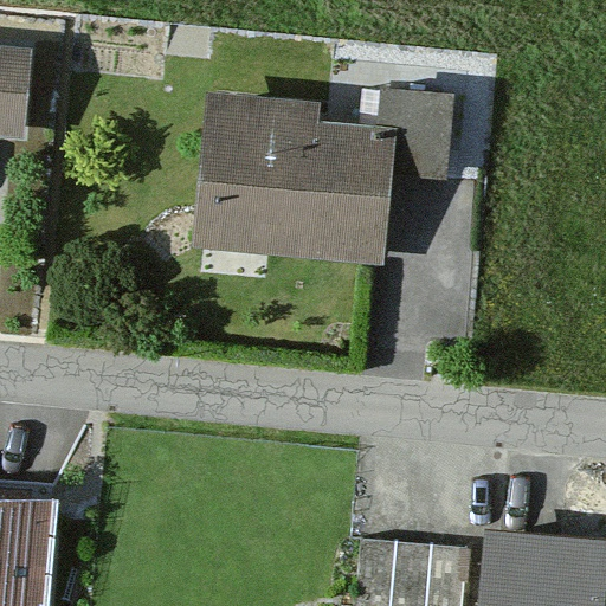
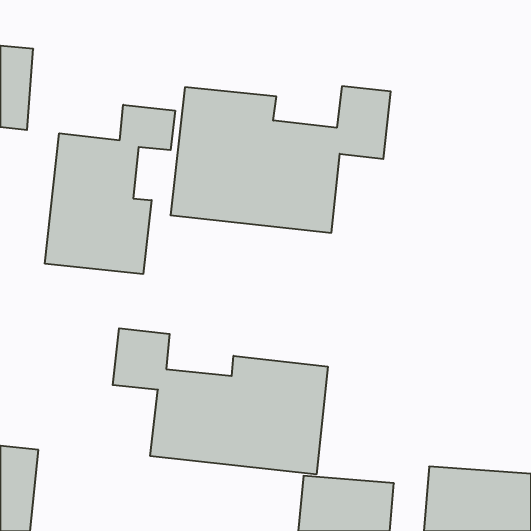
building: none -> [45,105,175,274]
building: none -> [113,328,328,474]

